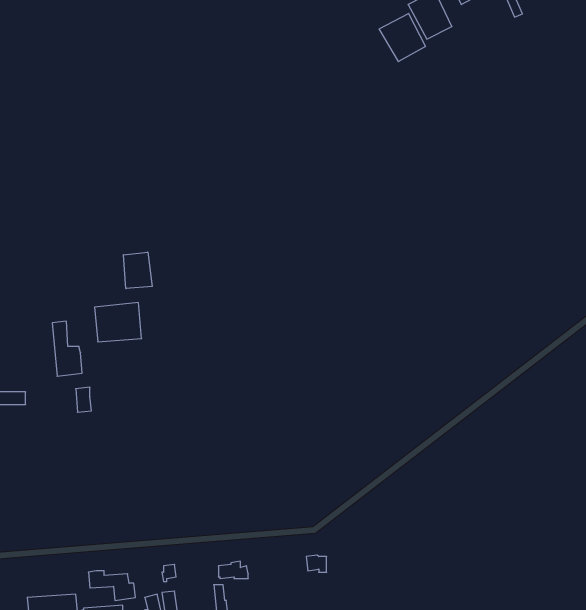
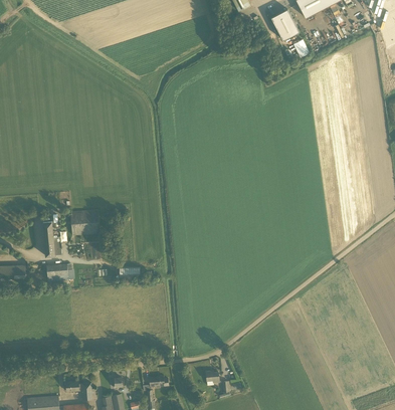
building: [379,13,425,62] -> none
building: [123,252,152,289] -> none

